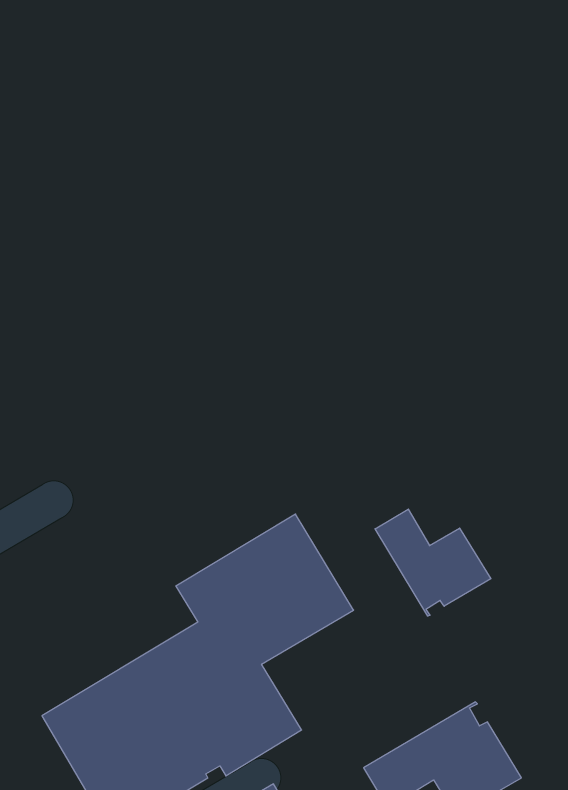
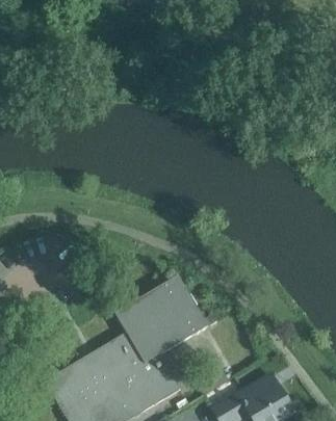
building: [375,509,491,616] -> none

